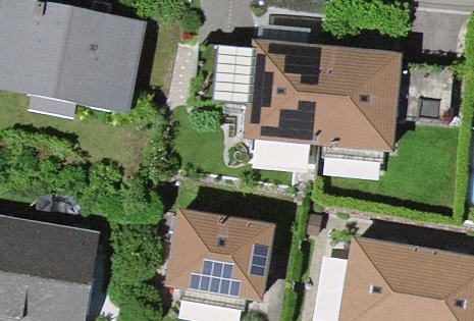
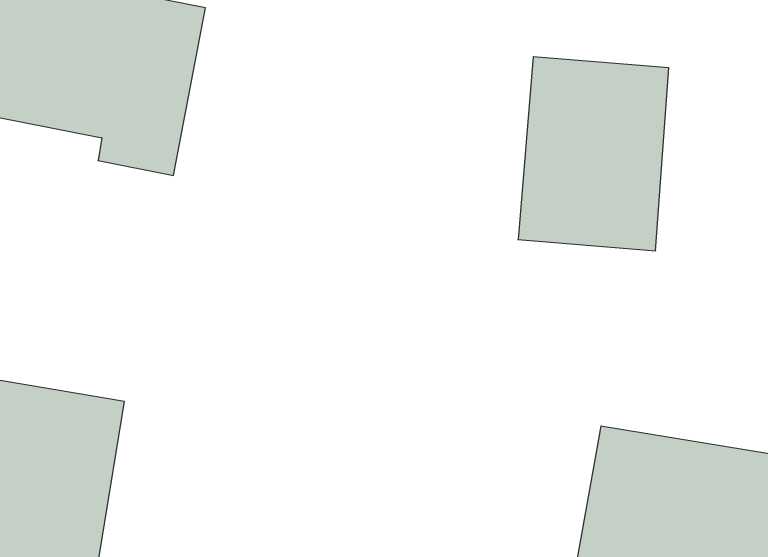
building: [236,41,319,146] -> none
building: [155,210,272,311] -> none

